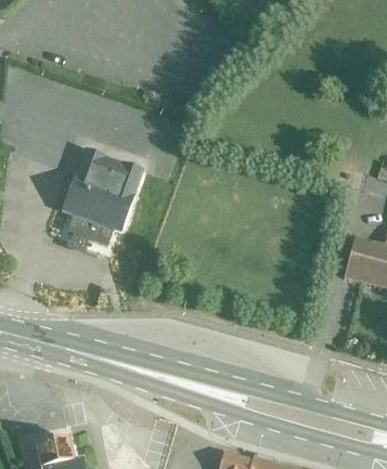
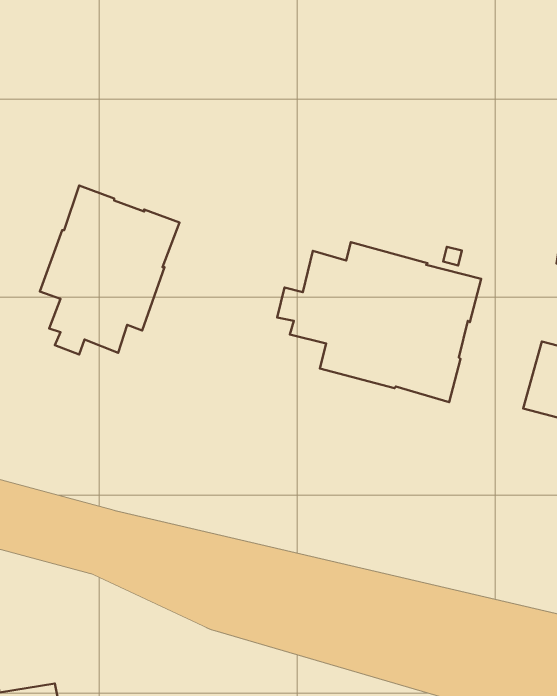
building: none -> [277,242,481,402]

